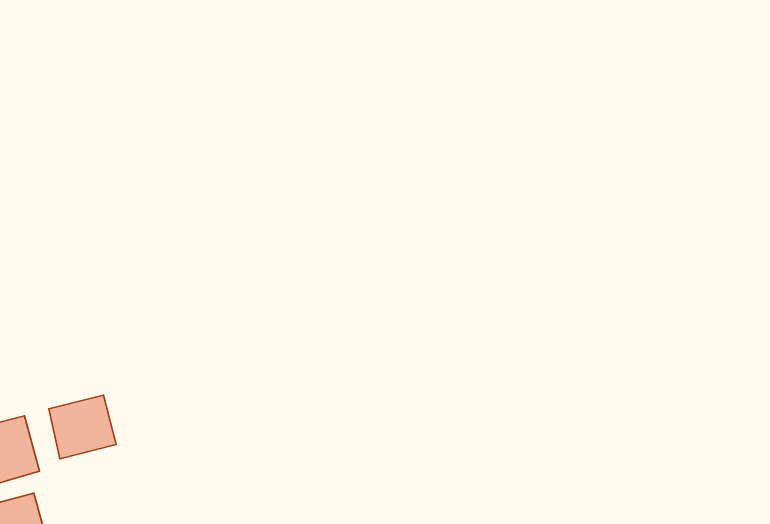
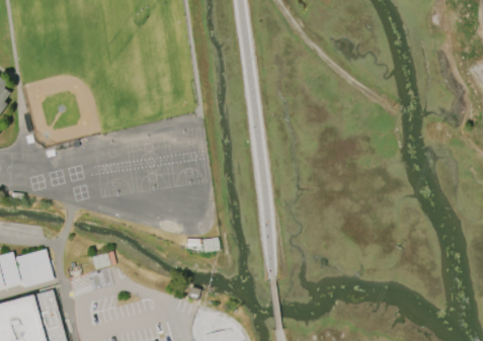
building: [49,395,116,459] -> none

